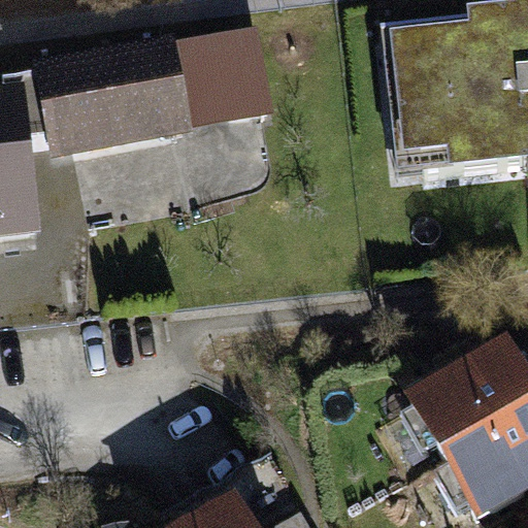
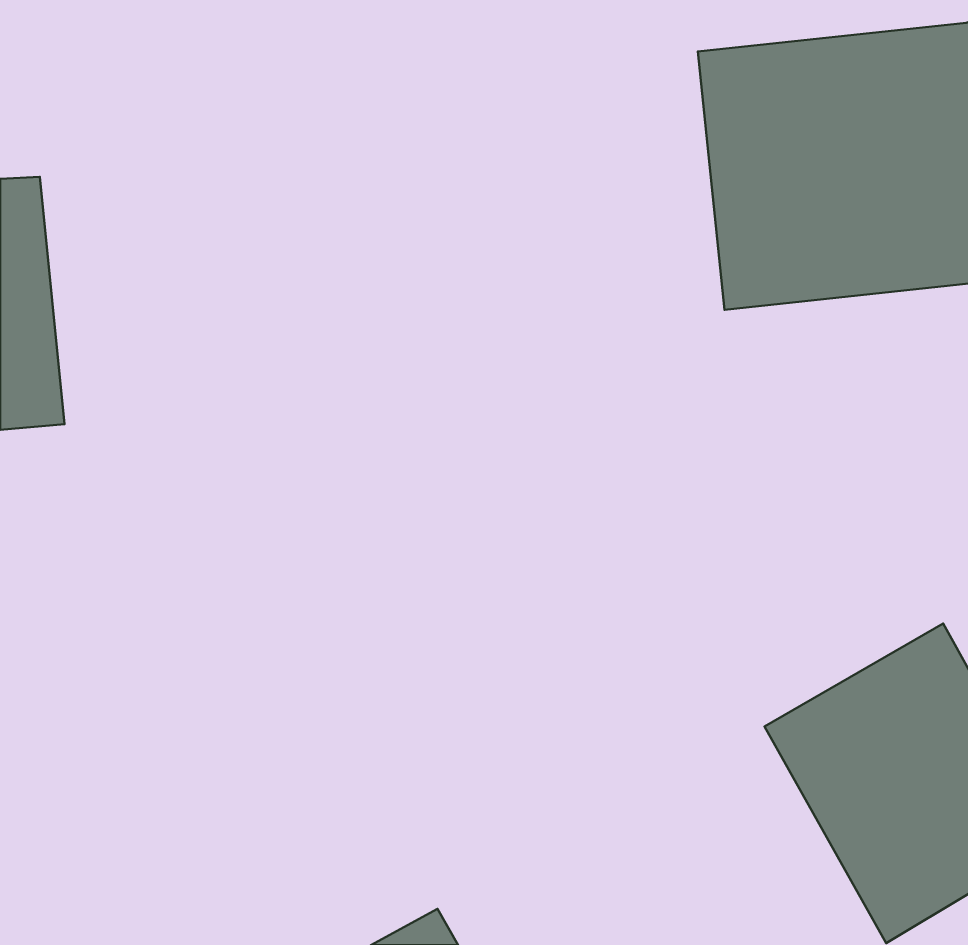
building: [51,37,246,145] -> none

